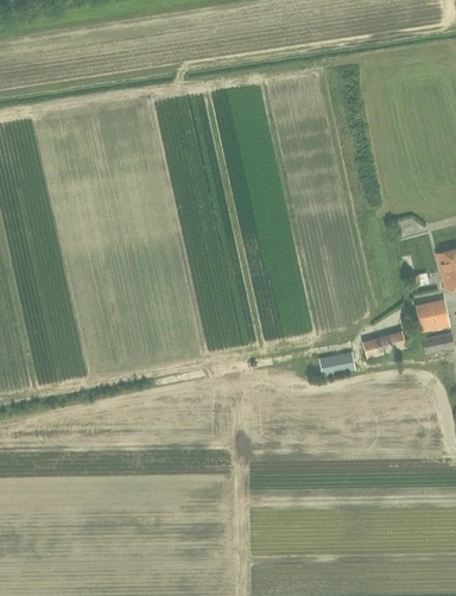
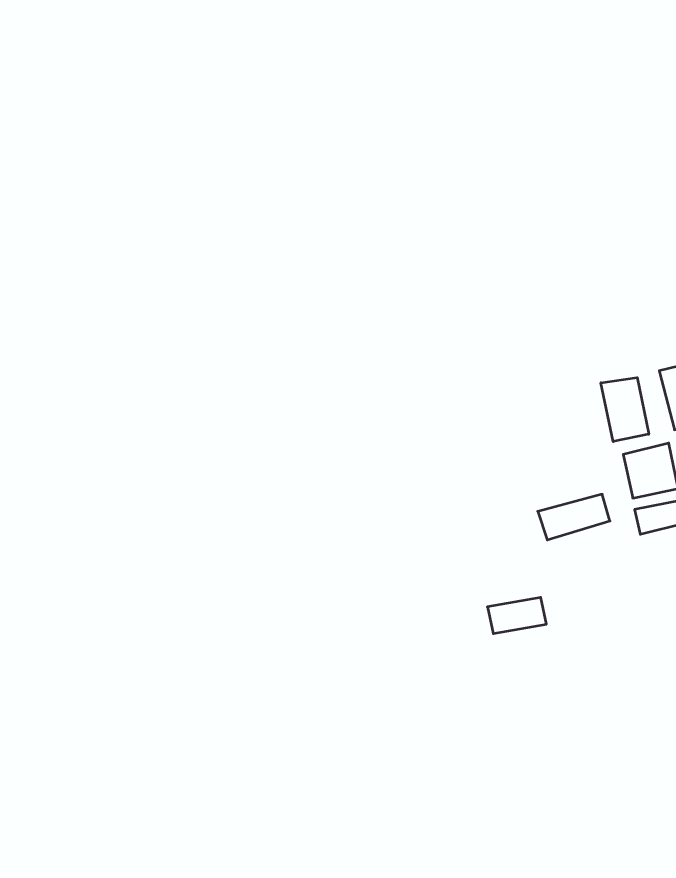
building: none -> [601,378,649,442]
building: [317,351,354,374] -> [487,597,546,634]

